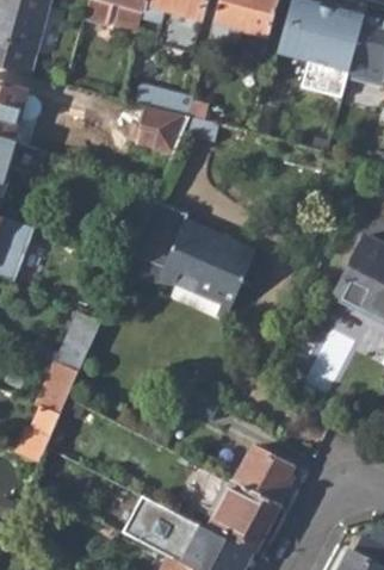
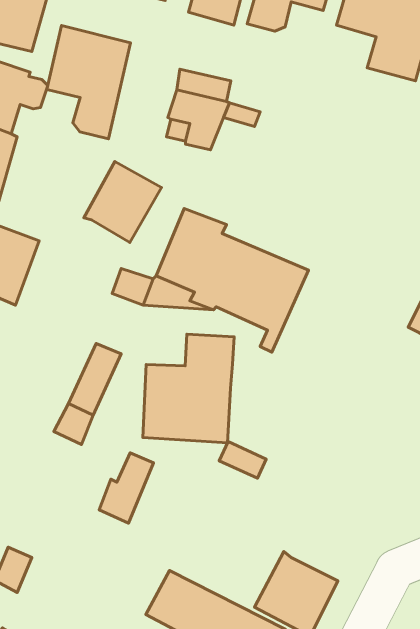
building: none -> [47,26,130,139]
building: none -> [84,162,162,242]
building: none -> [143,334,234,443]
building: [16,407,60,464] -> [99,453,153,523]
building: [240,446,295,504] -> none

